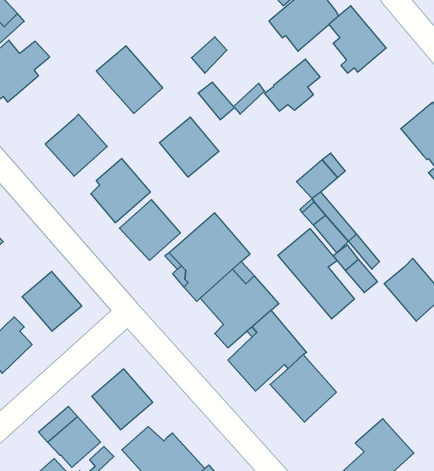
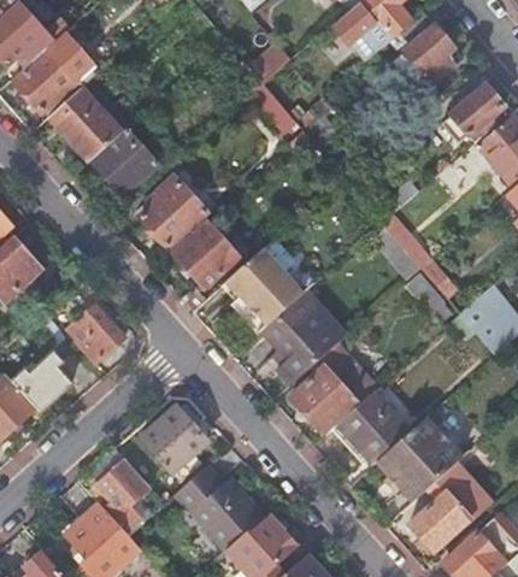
building: [96,46,163,113] -> [49,88,122,161]
building: [265,59,320,111] -> [442,86,502,142]
building: [159,117,219,177] -> none
building: [278,229,354,319] -> none
building: none -> [376,417,460,501]

